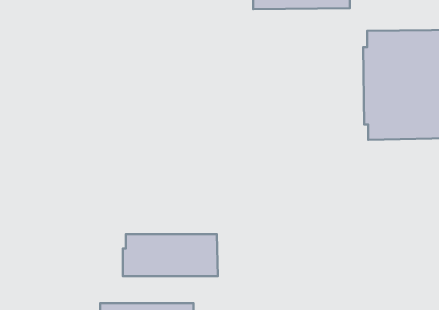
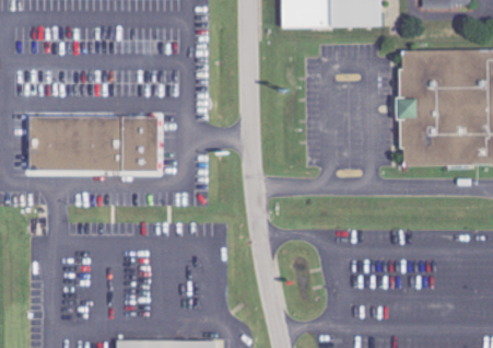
building: none -> [30,116,159,173]
building: [123,234,218,276] -> none

